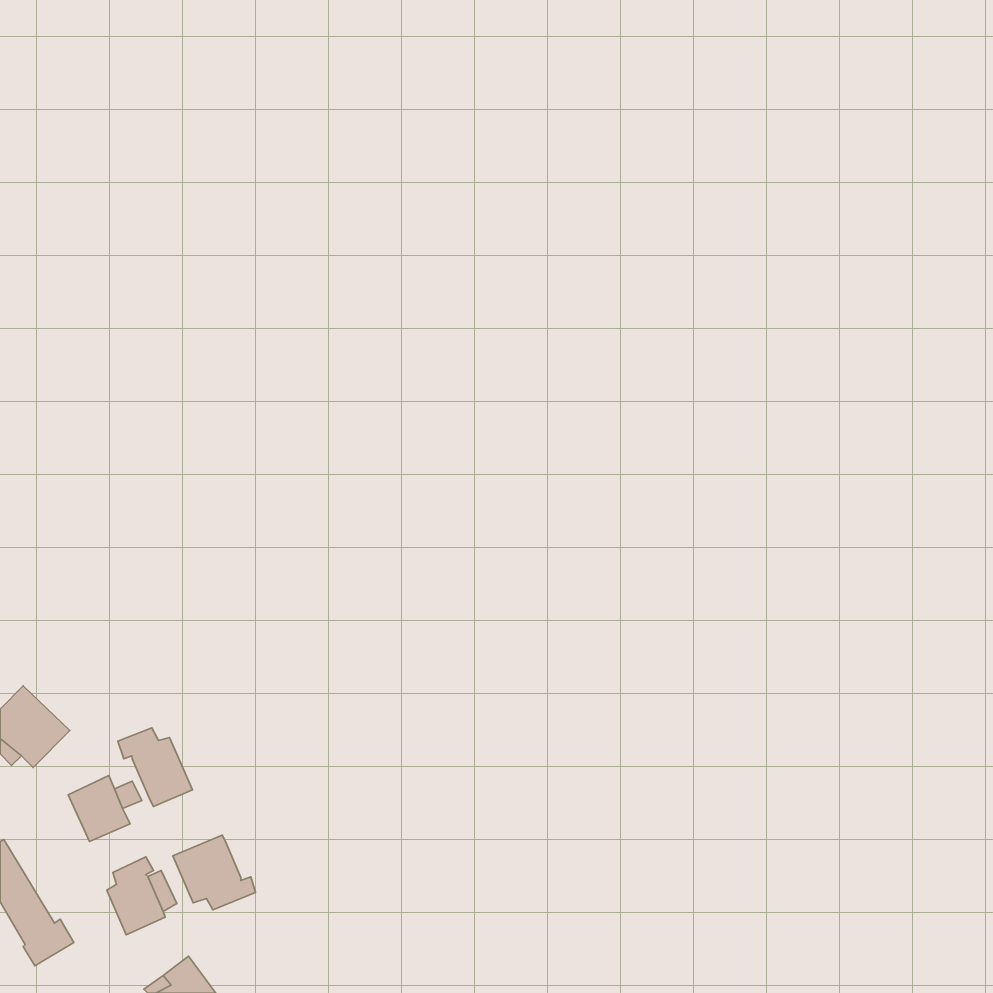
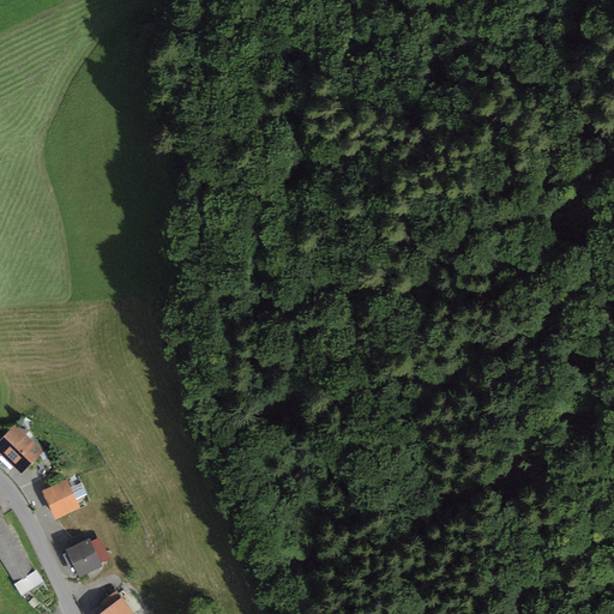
building: [118,728,193,807] -> none
building: [173,835,255,910] -> none

